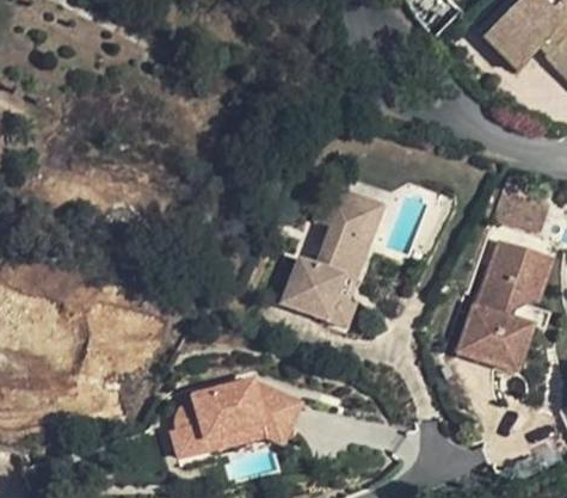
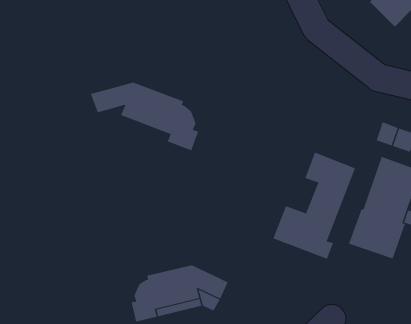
building: none -> [90,82,199,151]
building: [273,186,382,327] -> [273,152,356,259]

